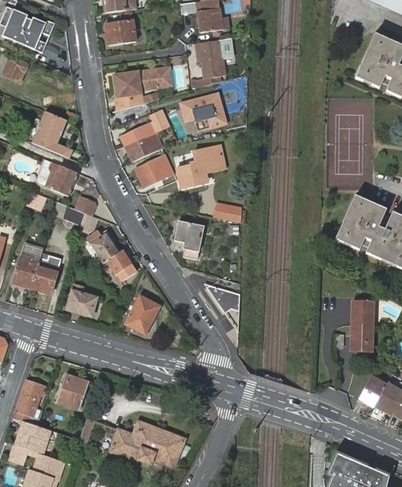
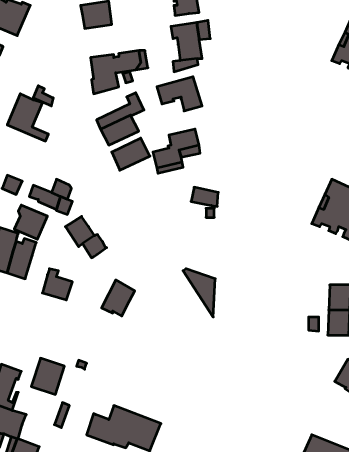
building: [48,162,81,196] -> [14,205,47,239]
building: [174,220,204,258] -> none

